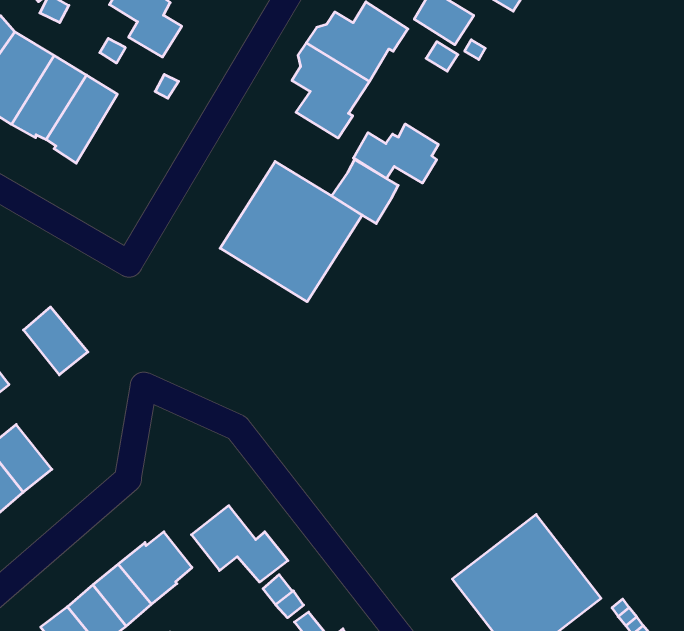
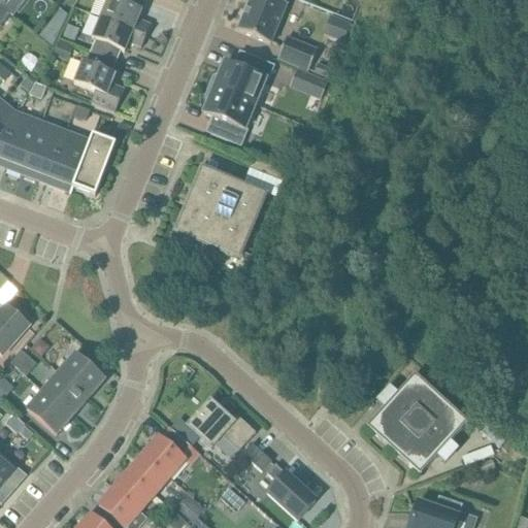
building: none -> [68,133,114,195]
building: [353,124,438,183] -> none
building: [23,307,88,375] -> [59,353,104,397]

